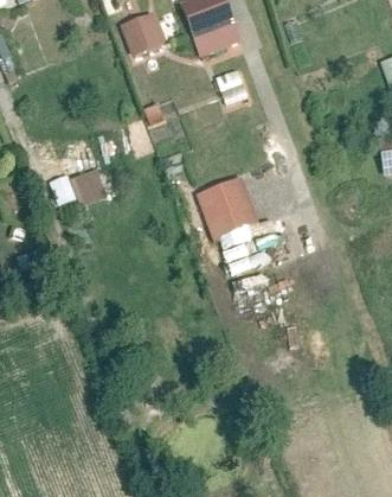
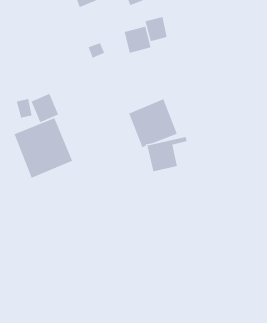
building: none -> [124,26,151,54]
building: none -> [14,117,73,179]

